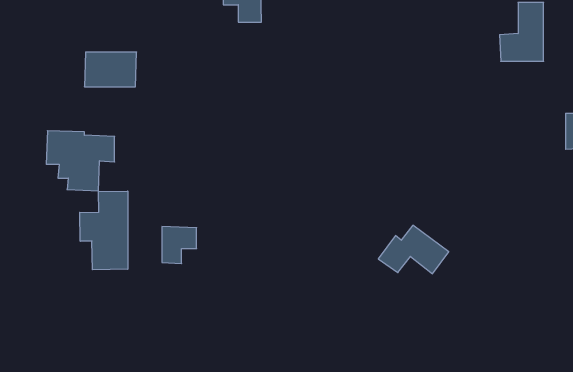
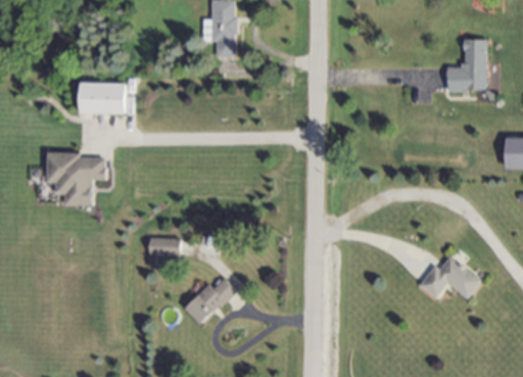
building: [80,191,128,270] -> none
building: [378,225,449,274] -> [419,255,481,298]
building: none -> [184,277,235,325]

